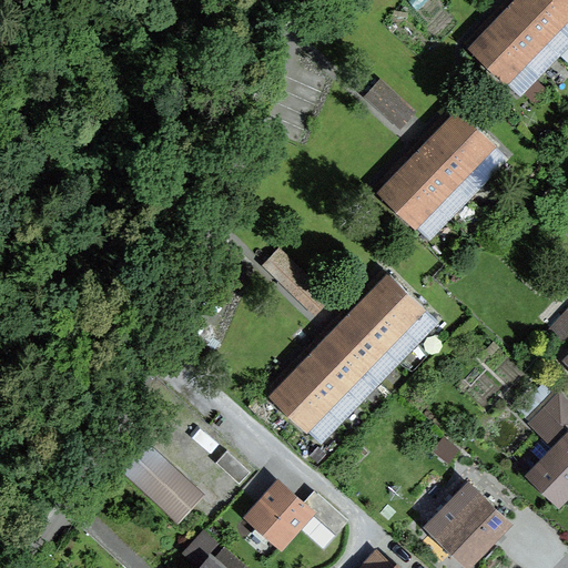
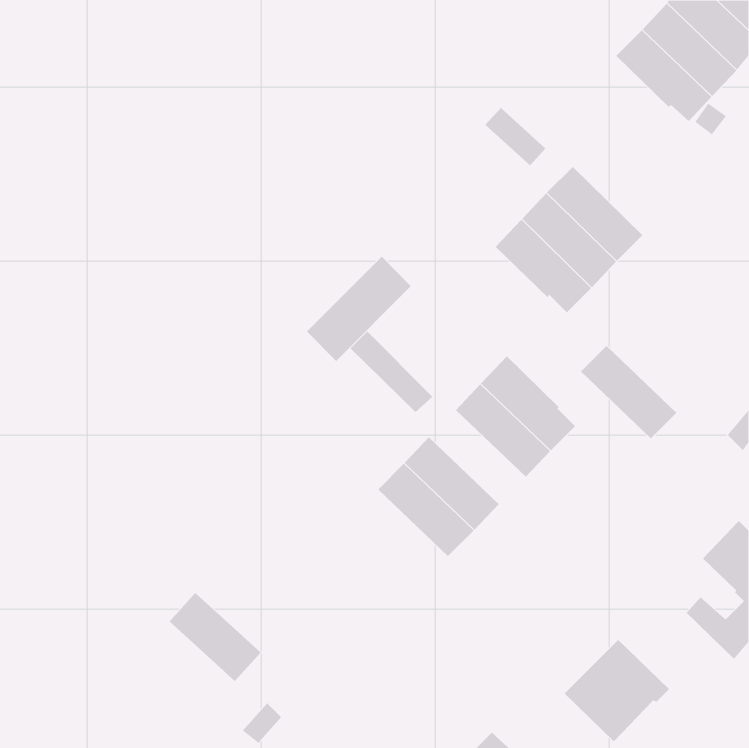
building: [433,108,504,180] -> none
building: none -> [306,256,412,362]
building: [324,312,397,383] -> [580,345,677,439]
building: [265,372,338,442] -> none
building: [248,485,347,546] -> none

